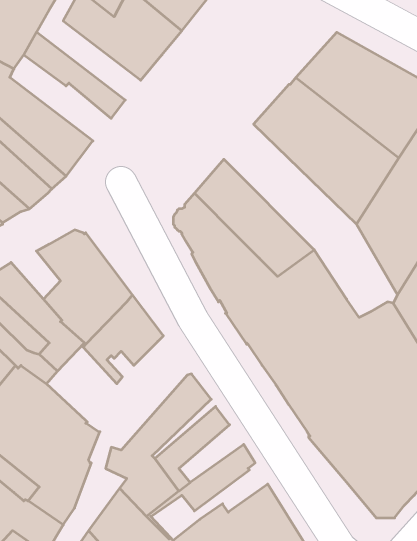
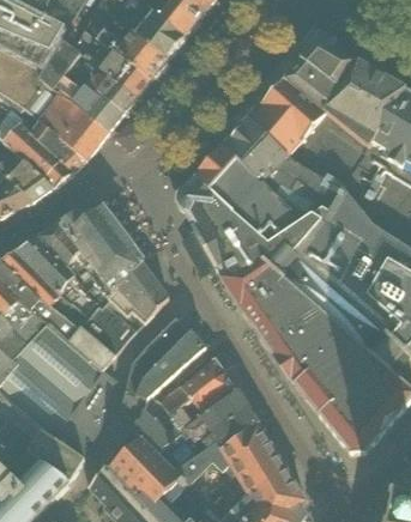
building: none -> [61,20,150,97]
building: none -> [38,59,125,132]
building: none -> [220,117,368,281]
building: none -> [40,221,81,266]
building: none -> [69,303,129,369]
building: none -> [125,316,189,394]
building: none -> [182,372,237,421]
building: none -> [195,405,258,453]

